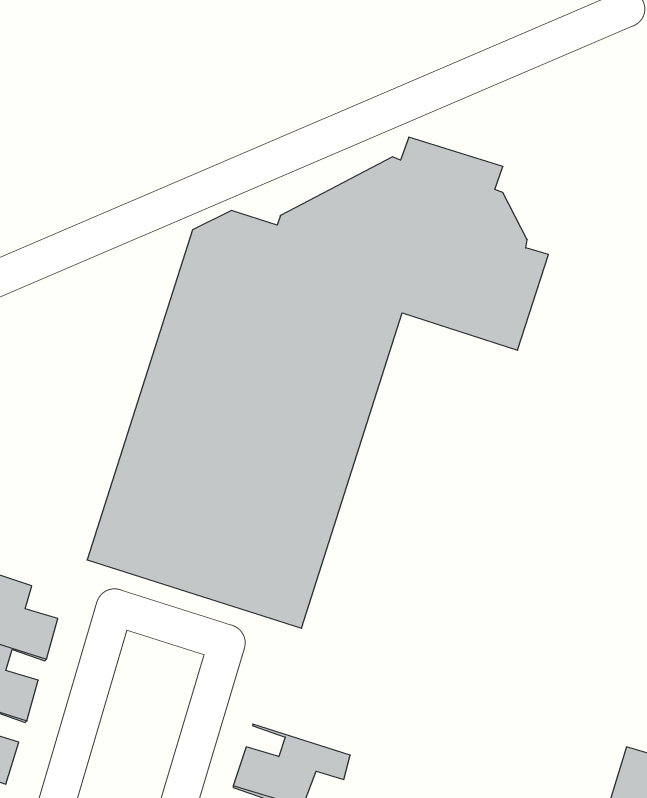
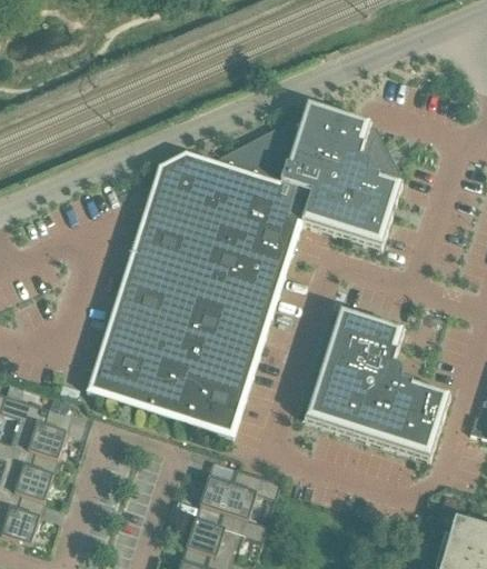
building: none -> [305,308,450,458]
building: none -> [200,467,281,523]

